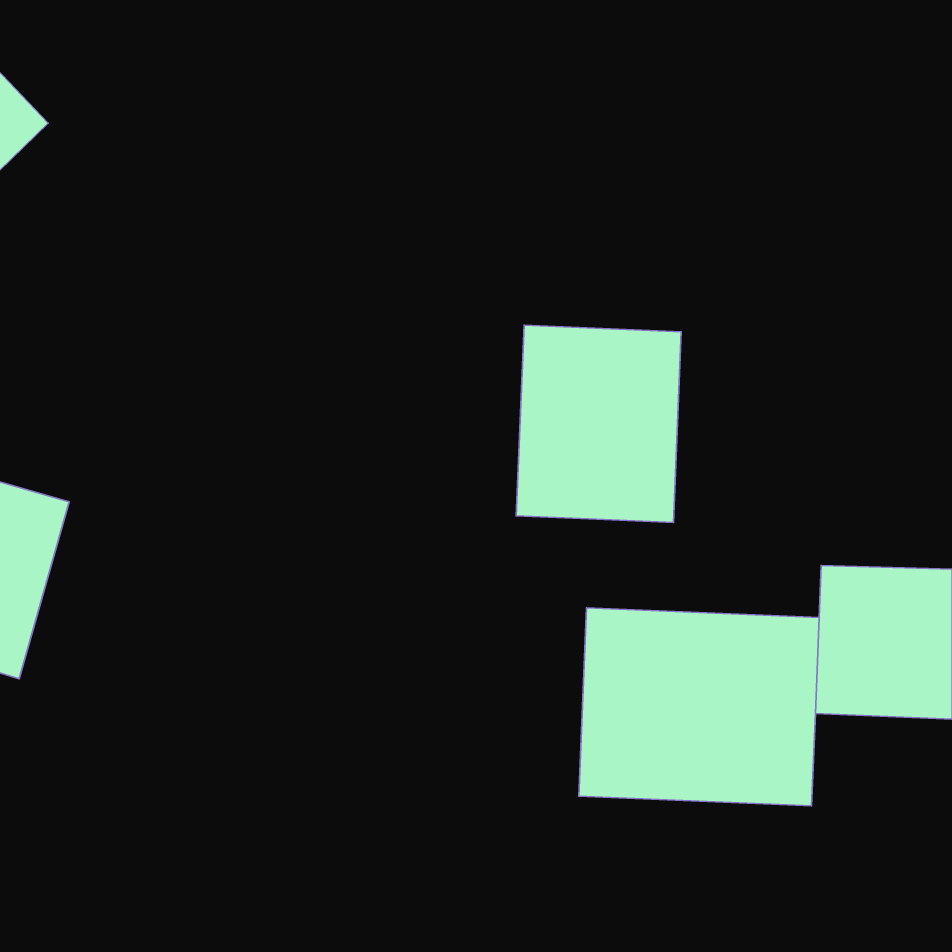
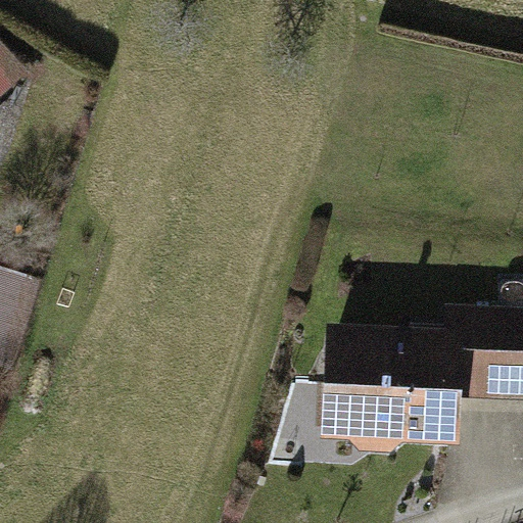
building: [516,325,681,522] -> none

